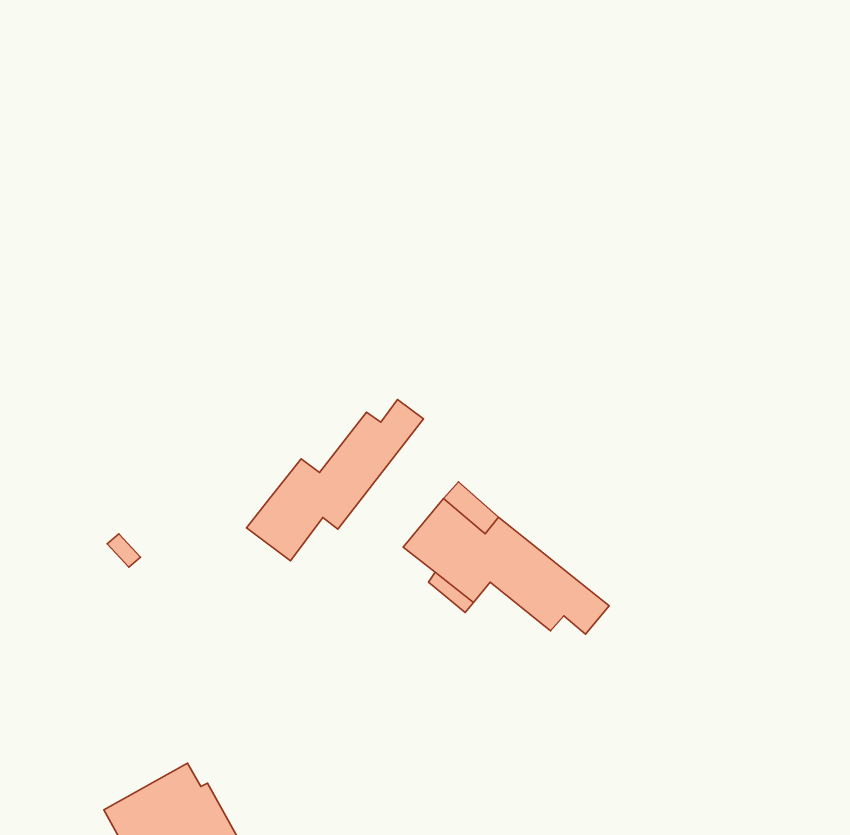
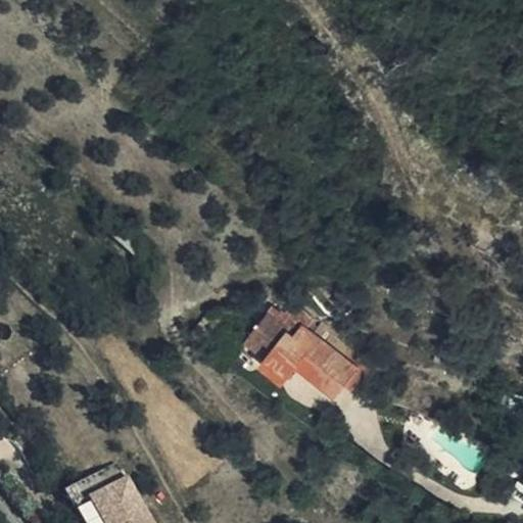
building: [247,400,423,561] -> none

